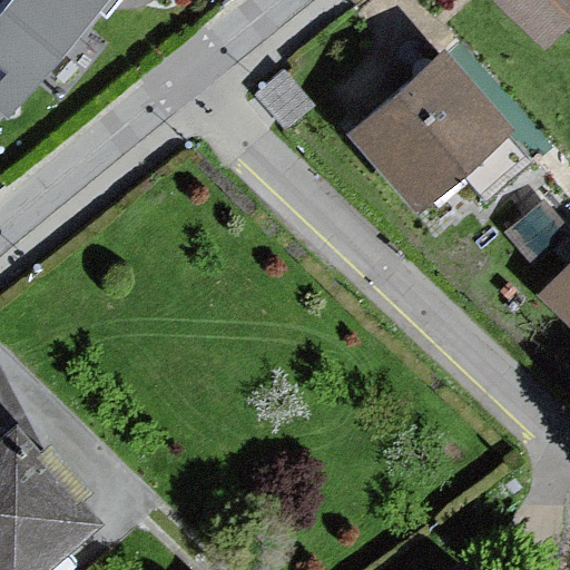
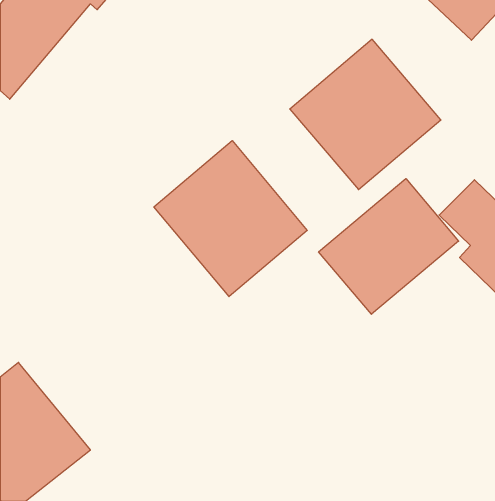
building: none -> [154,141,307,297]
building: none -> [319,179,459,314]

